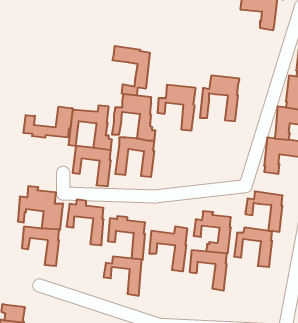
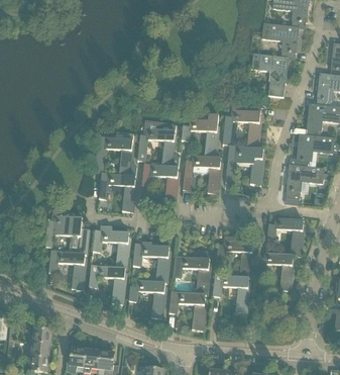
building: none -> [251,53,288,95]
building: [113,46,150,96] -> none
building: [24,107,73,138] -> none
building: none -> [224,144,262,183]
building: none -> [183,154,220,192]
building: none -> [89,264,125,303]
building: none -> [168,289,205,329]

